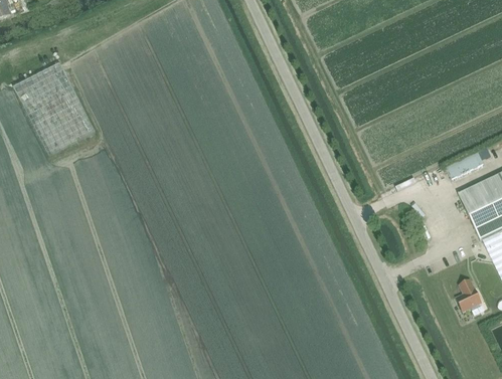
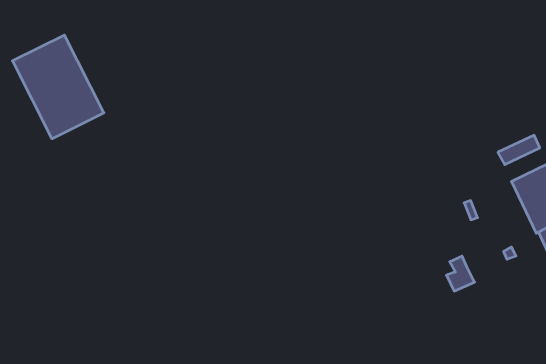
building: [456,278,481,310] -> [446,256,475,291]

